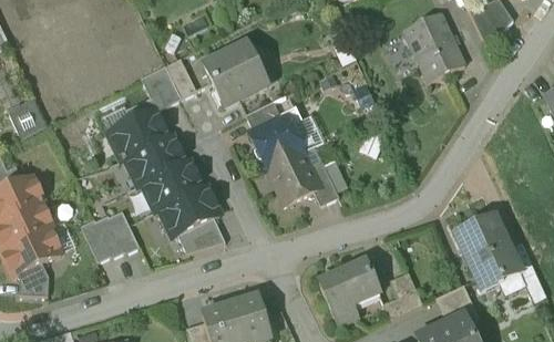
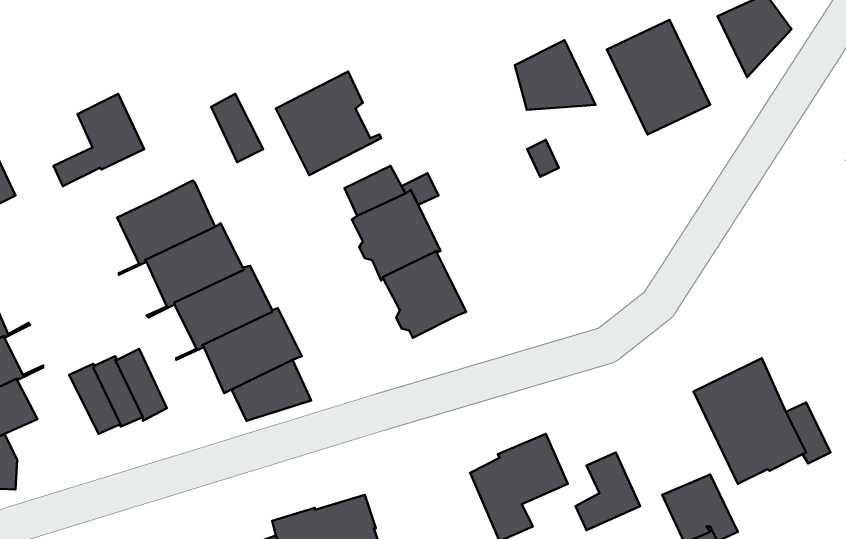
building: none -> [515,40,595,110]
building: [126,65,181,121] -> [54,94,144,186]
building: [307,159,338,205] -> none

